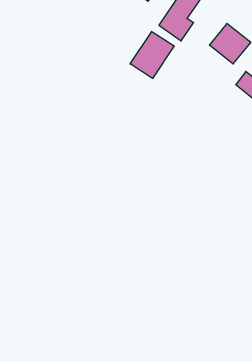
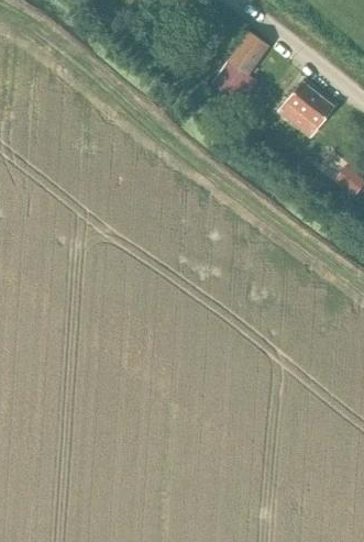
building: [130,31,174,78] -> none

